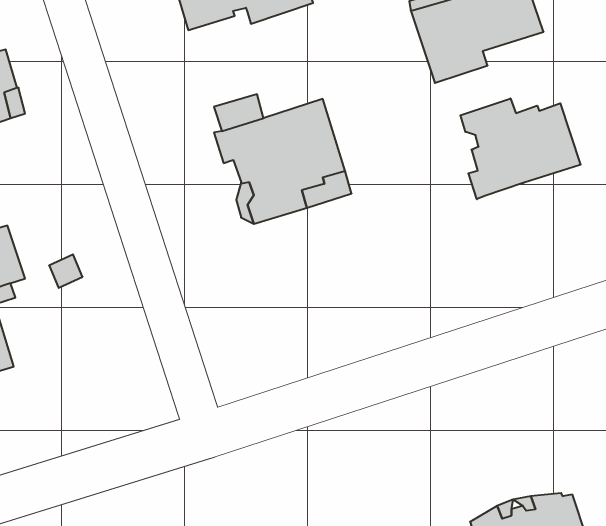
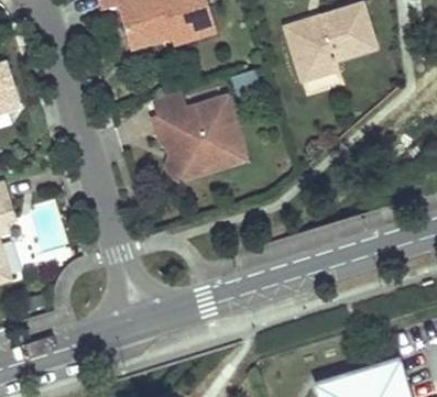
building: [460,98,581,199] -> none

